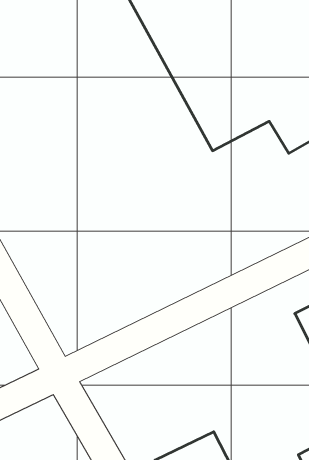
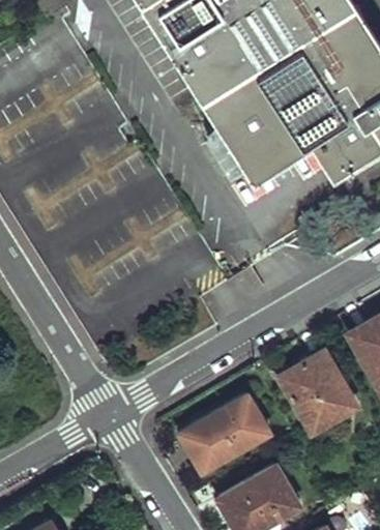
building: none -> [279,354,353,433]
building: none -> [177,396,267,473]

